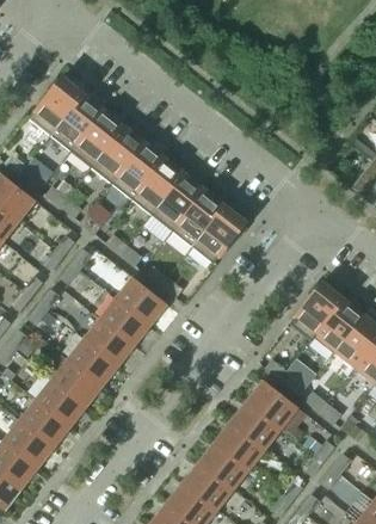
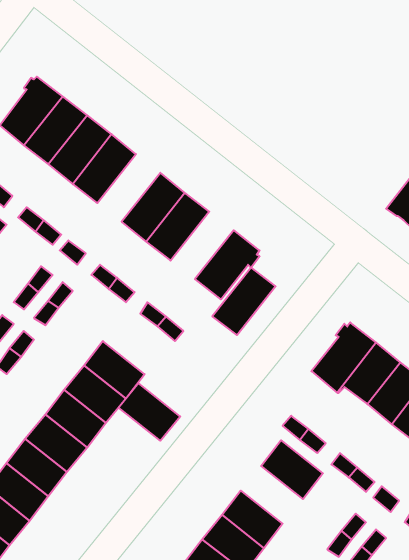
building: [111,142,164,198] -> none
building: [172,190,224,246] -> [212,268,276,335]
building: [116,277,167,325] -> [118,383,180,441]
building: [230,401,282,449] -> none

